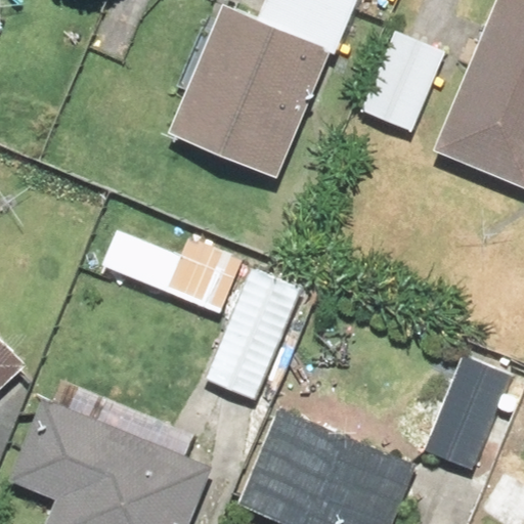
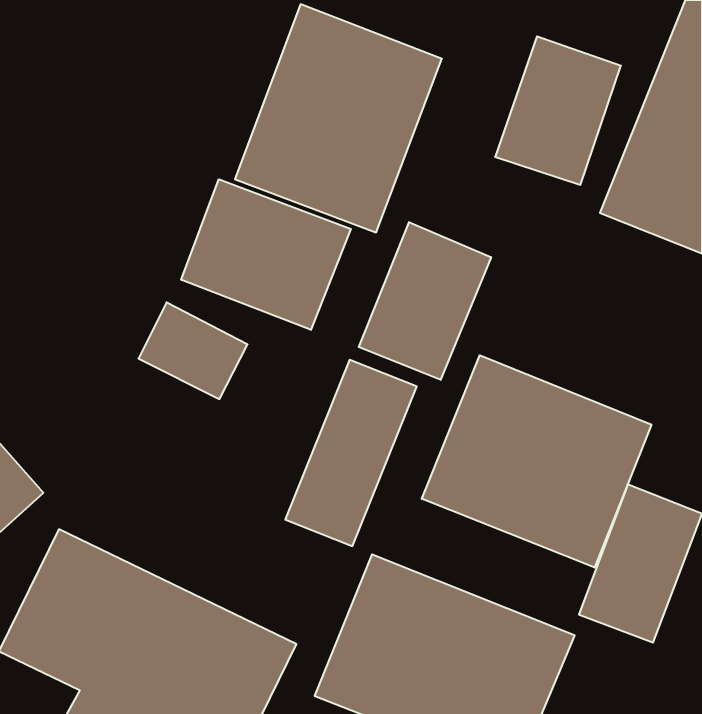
building: none -> [181,179,351,330]
building: none -> [359,222,491,380]
building: none -> [422,355,651,568]

